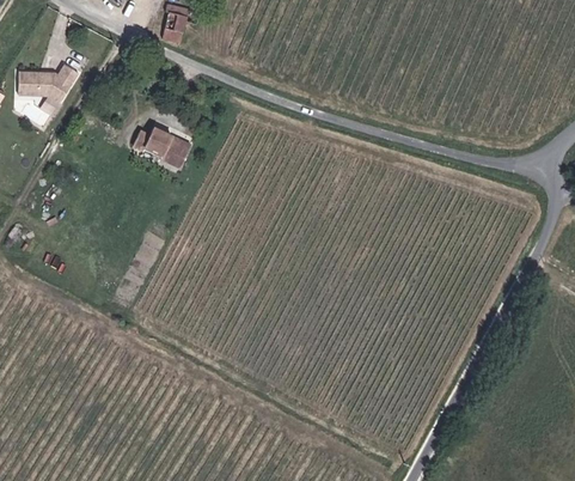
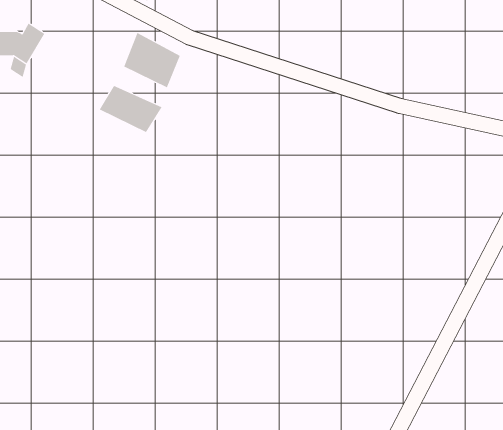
building: none -> [123,32,180,88]

